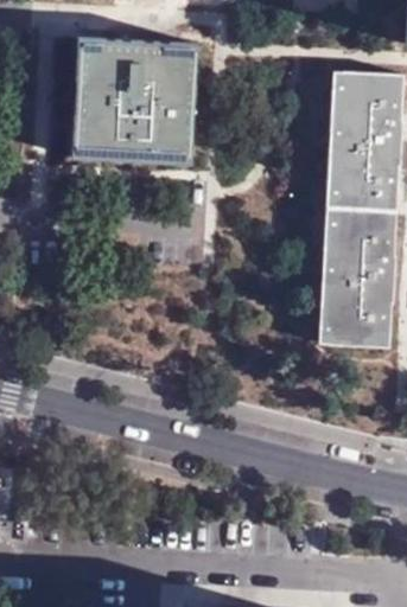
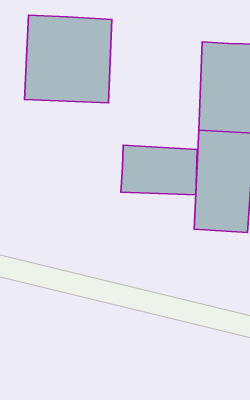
building: none -> [121,145,197,195]

